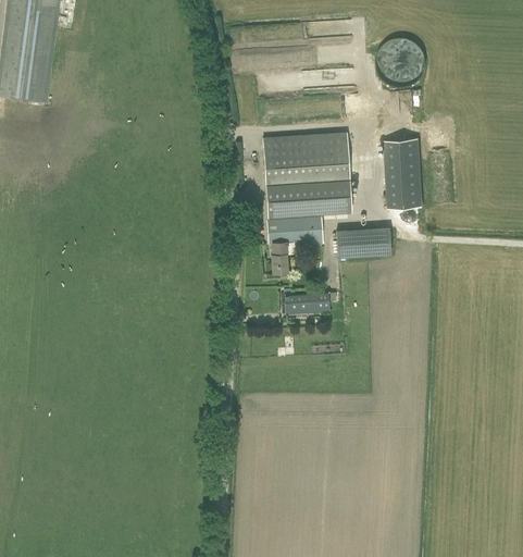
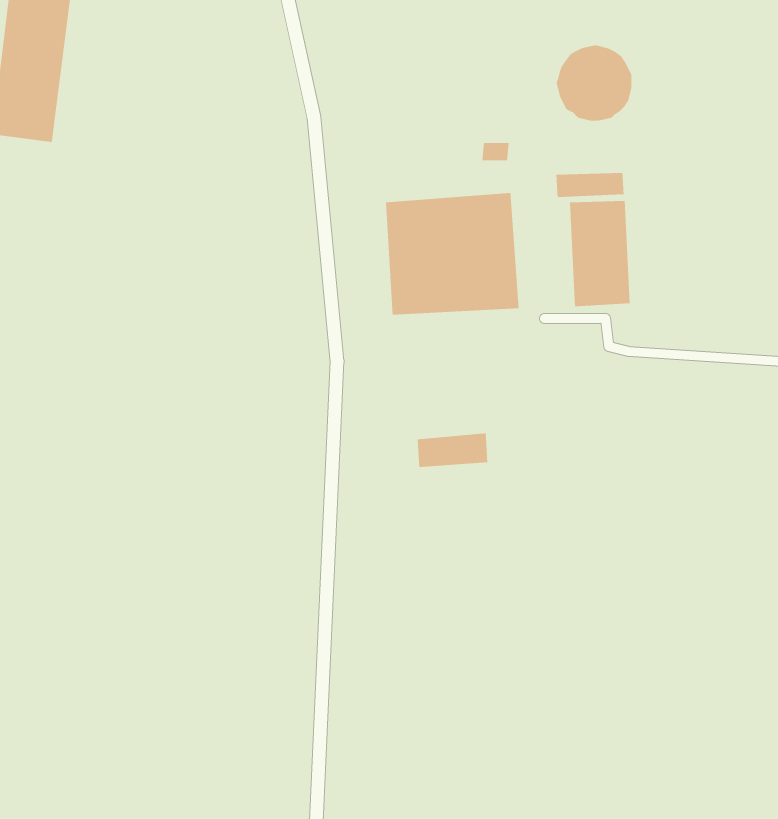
building: none -> [556,172,624,198]
building: [267,216,322,272] -> none
building: [337,227,391,257] -> none

